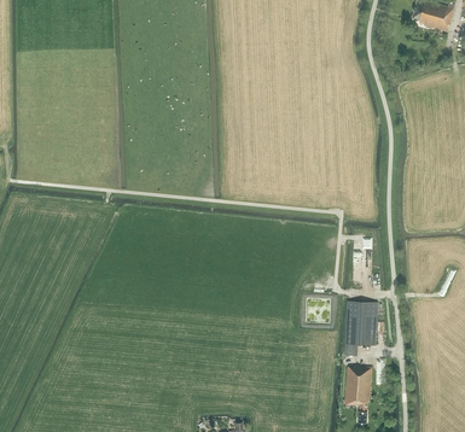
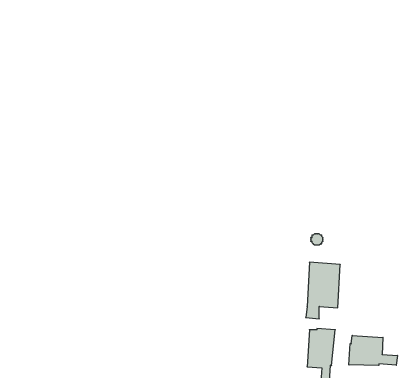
building: none -> [349,335,397,365]

